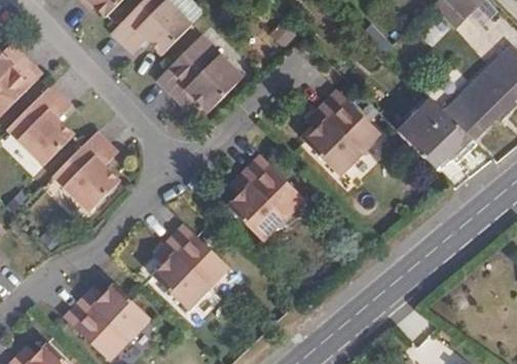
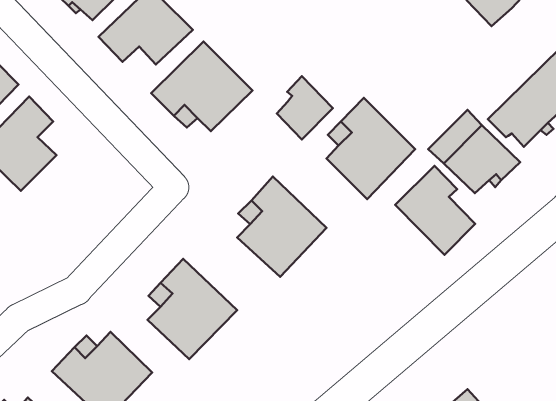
building: none -> [277,76,333,140]
building: [53,131,120,212] -> none
building: none -> [395,166,475,255]

